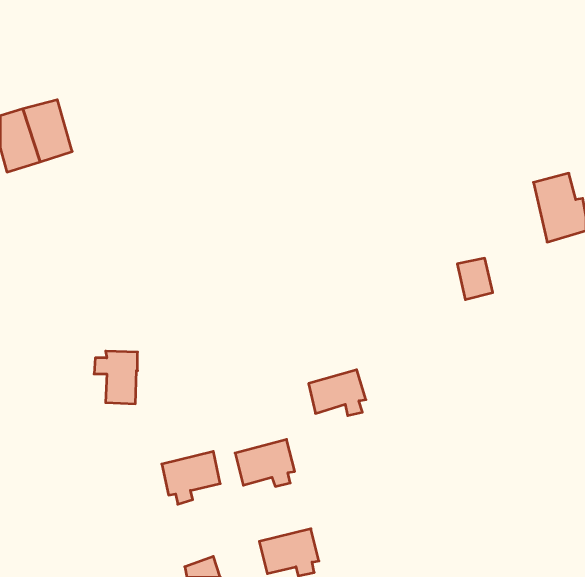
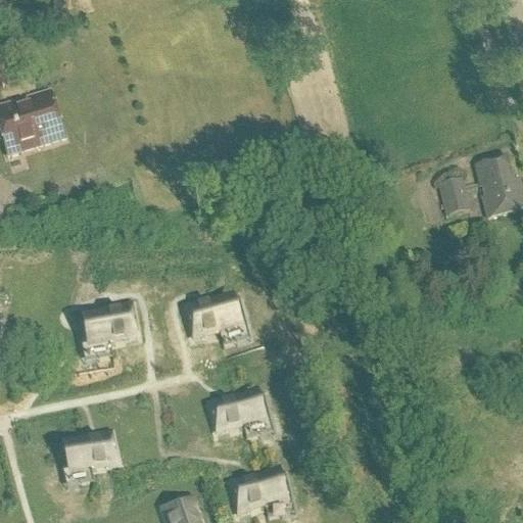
building: [457,258,493,300] -> [440,177,472,213]
building: [309,370,366,416] -> [188,299,239,340]
building: [162,451,220,504] -> [66,431,118,478]

